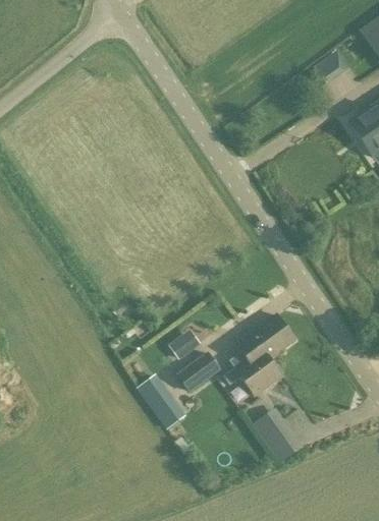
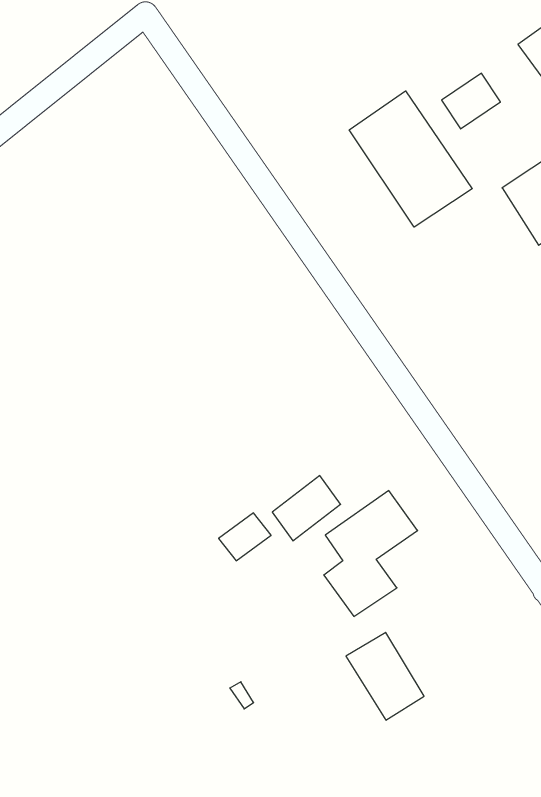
building: none -> [349,91,472,227]
building: [177,351,221,393] -> [272,476,341,541]
building: [138,374,177,415] -> none

